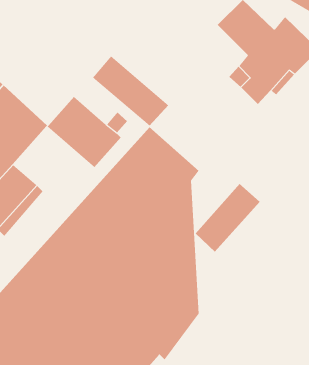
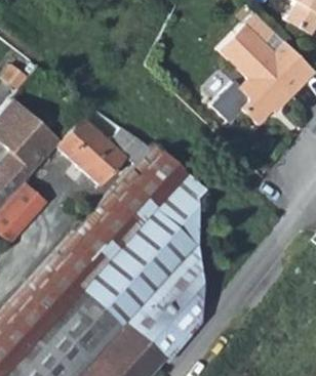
building: [92,55,169,127] -> none
building: [195,183,261,252] -> none

